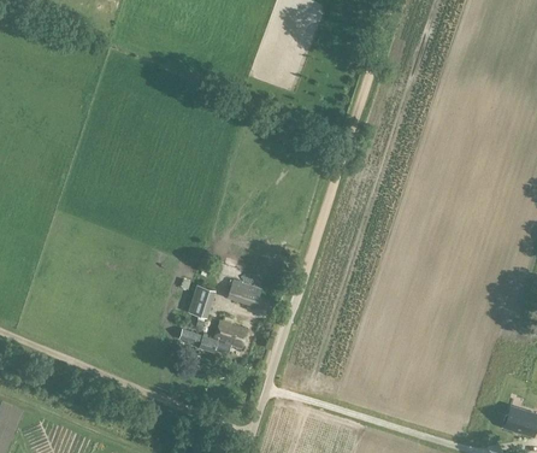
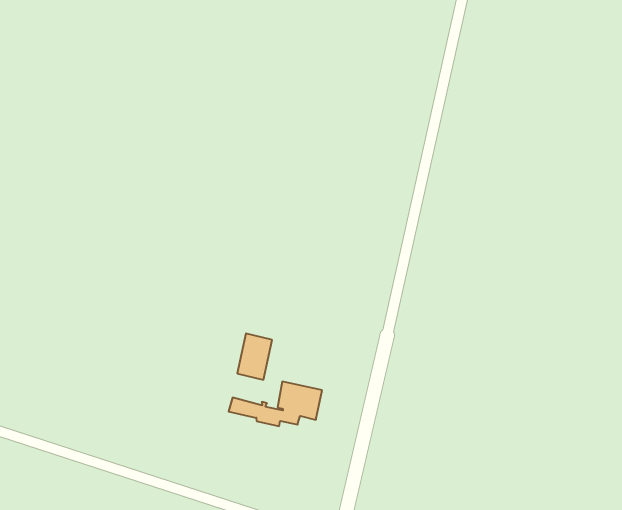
building: [229,280,264,307] -> none

